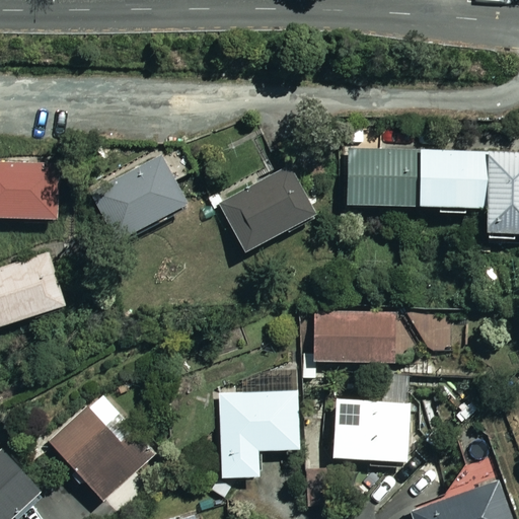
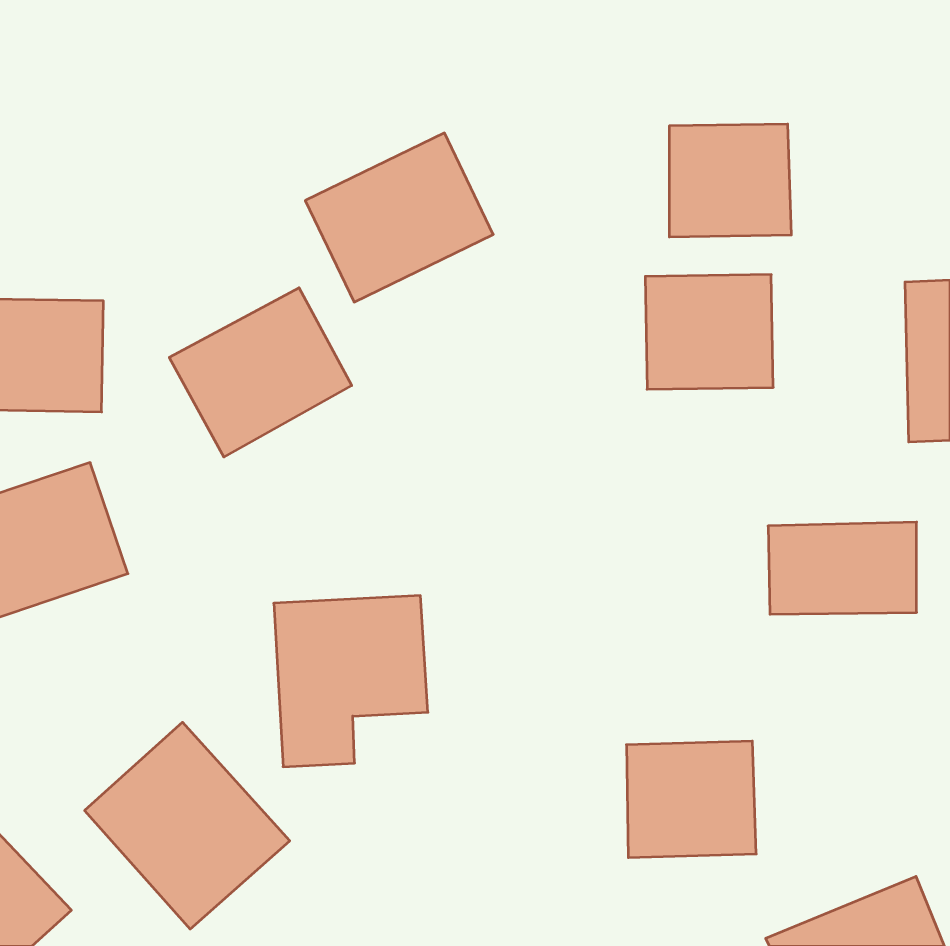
building: [421,150,487,211] -> [669,124,791,237]
building: [218,163,319,254] -> [305,133,493,302]
building: [310,309,390,359] -> [768,522,917,614]
building: [217,387,300,479] -> [274,596,428,767]

